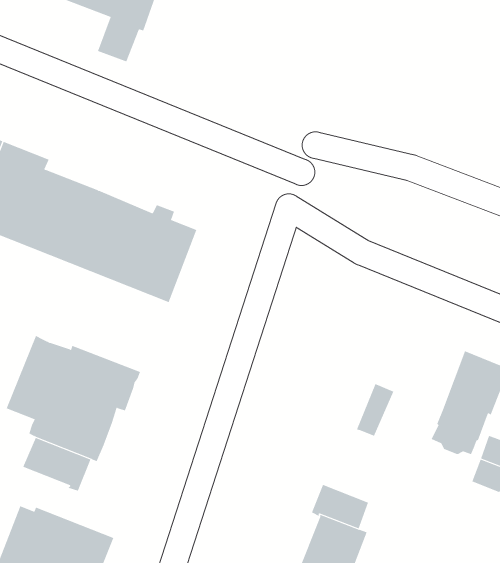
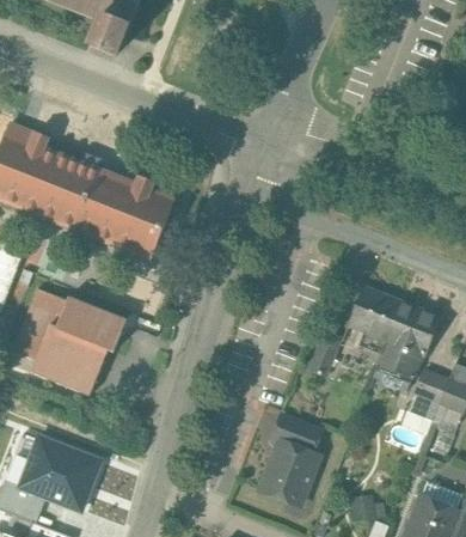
building: none -> [350,286,401,350]
building: [23,437,91,492] -> none

